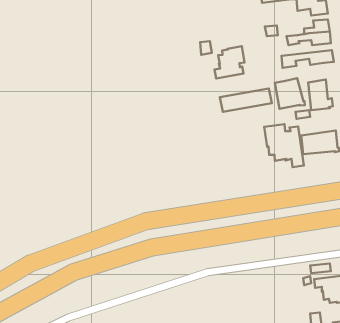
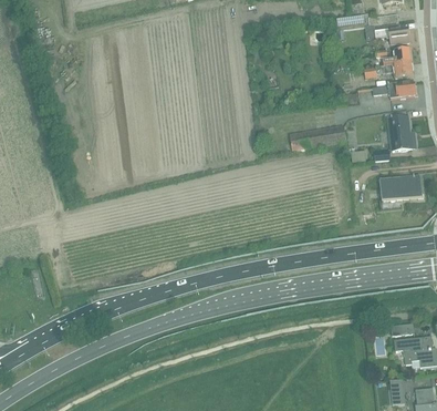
building: [214,46,245,79] -> none
building: [275,78,305,109] -> none
building: [264,124,304,167] -> none

